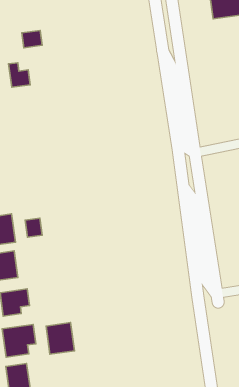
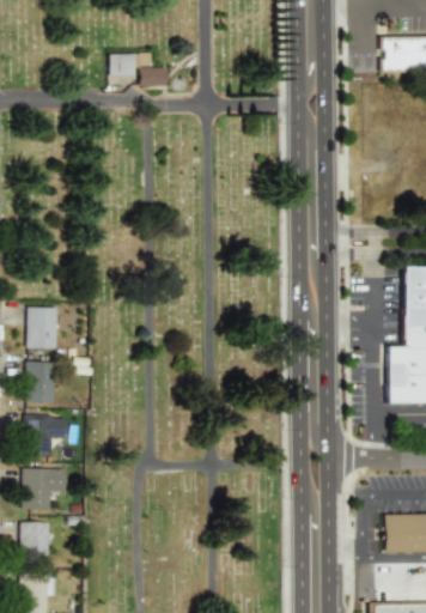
building: [9,63,30,87] -> [141,53,168,86]
building: [25,218,42,237] -> none
building: [46,323,74,354] -> none

